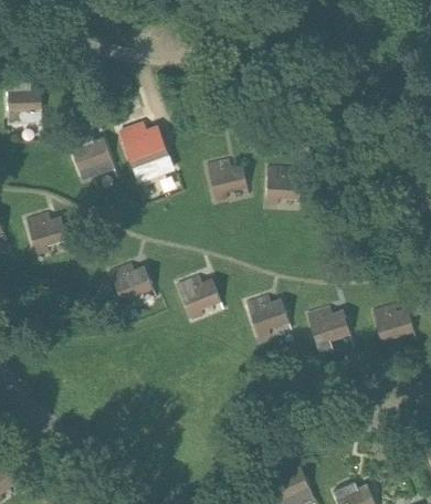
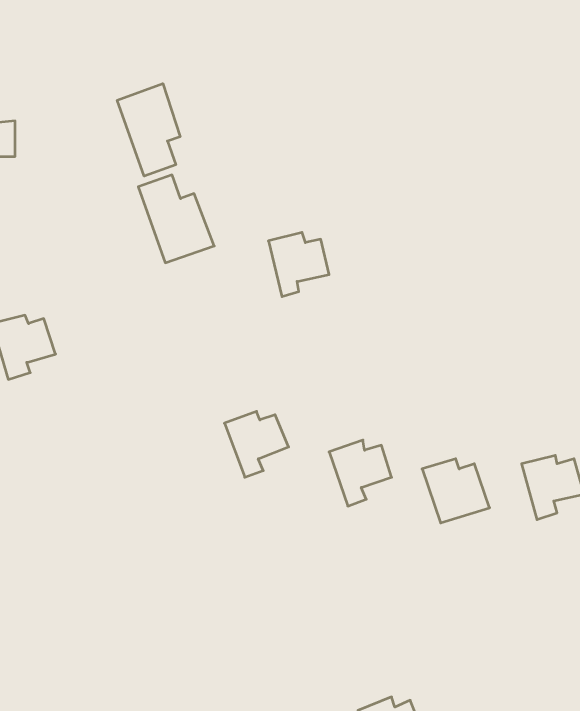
building: none -> [117,84,180,176]
building: [70,135,114,178] -> none
building: [266,168,302,206] -> none
building: [111,264,154,307] -> none

